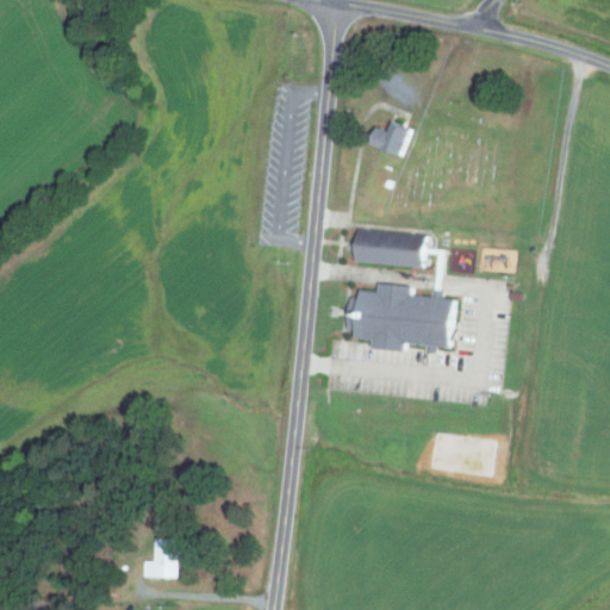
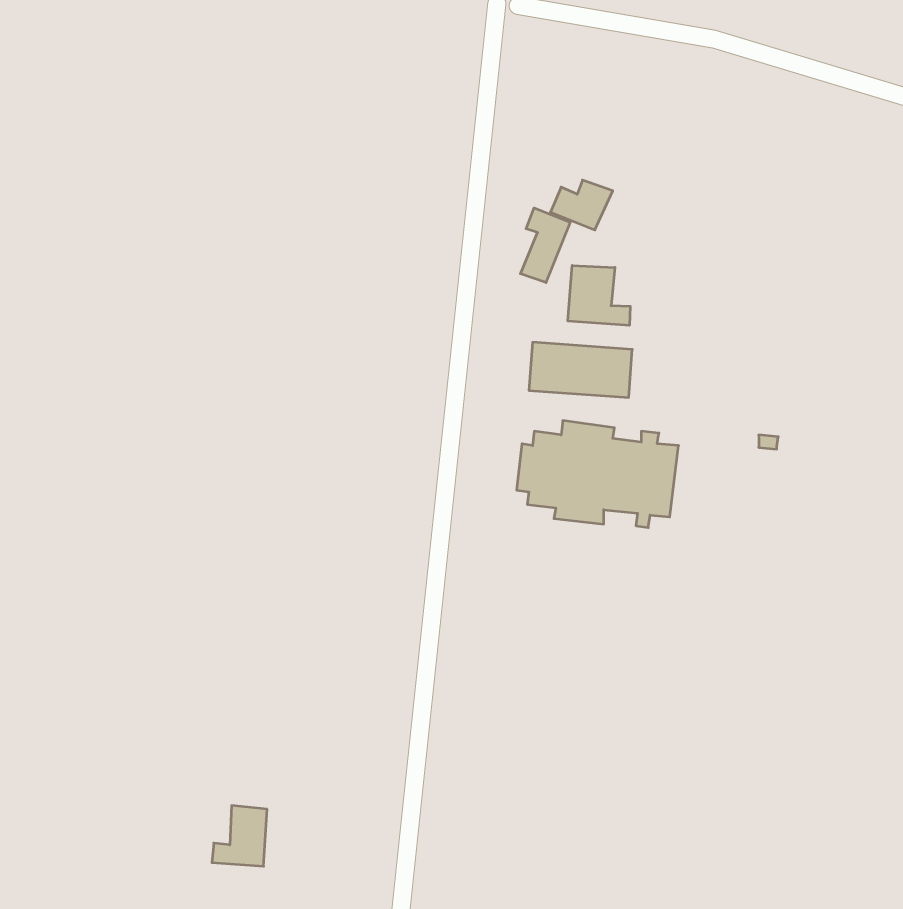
building: none -> [520,208,570,283]
building: none -> [568,265,630,325]

